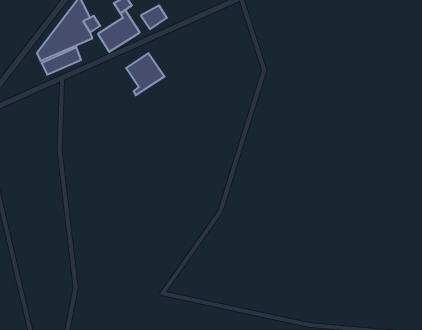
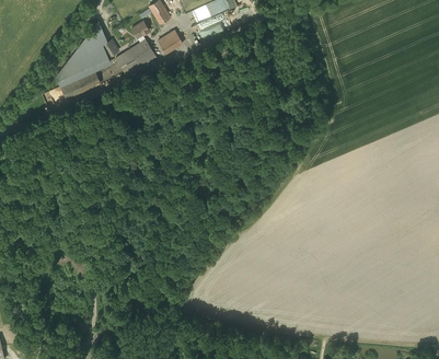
building: [126,53,165,95] -> none

